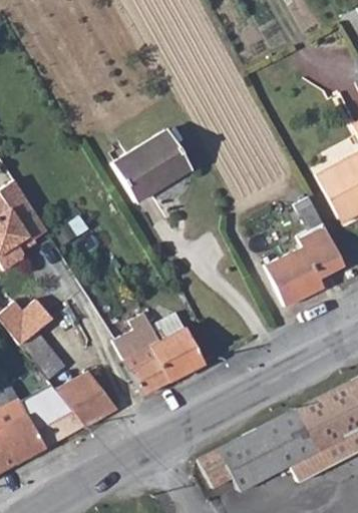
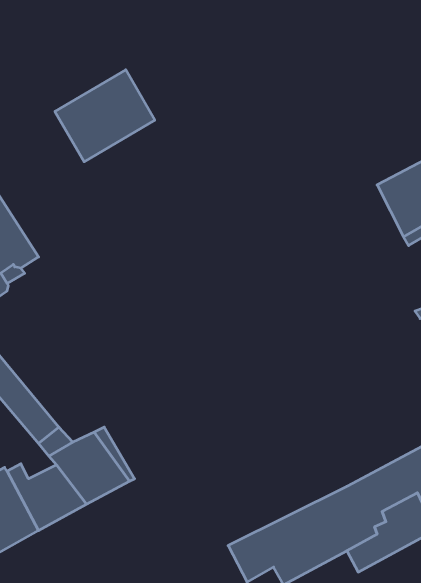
building: [114,129,194,202] -> [55,70,155,162]
building: [265,221,344,306] -> none
building: [113,312,206,395] -> none

